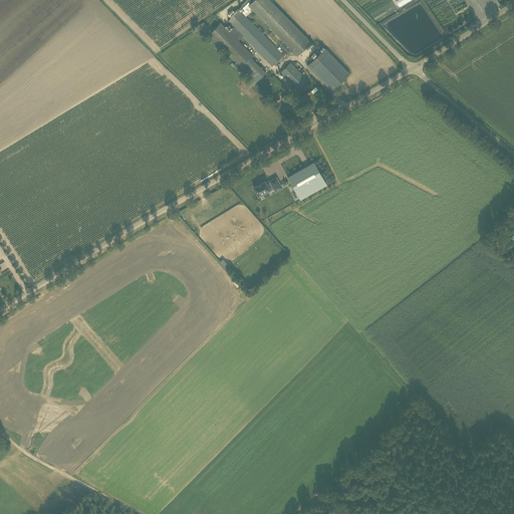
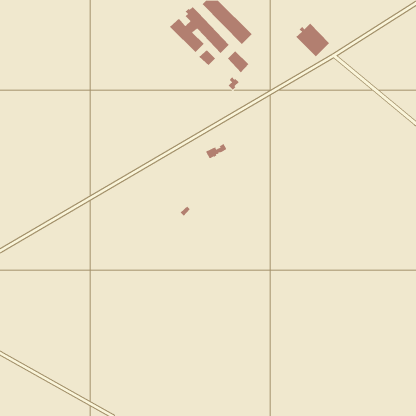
building: [307,48,349,90] -> [295,23,330,57]
building: [286,160,326,197] -> none

